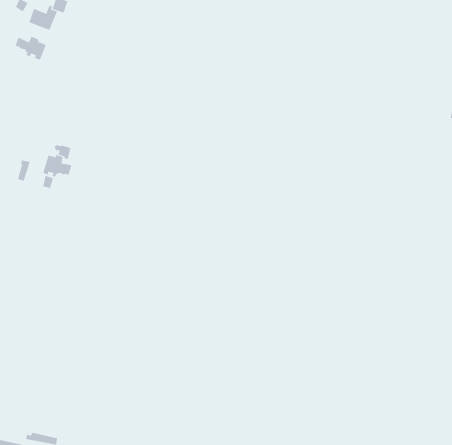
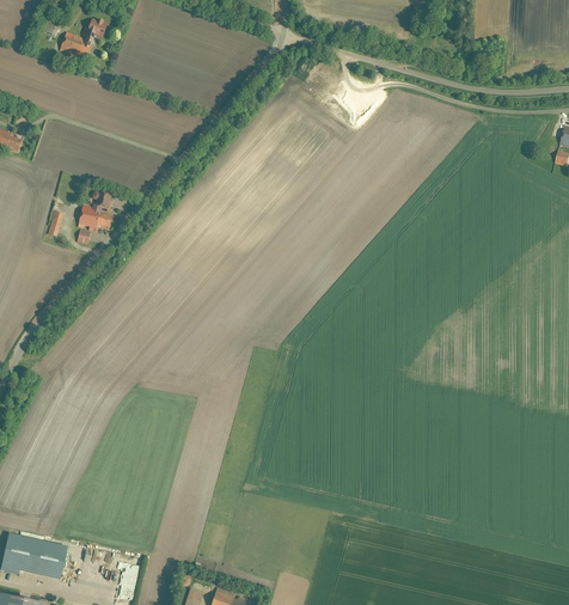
building: [15,36,46,60] -> none

